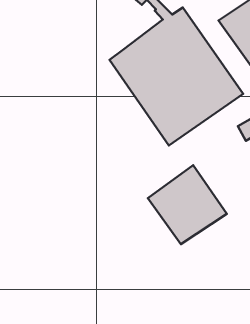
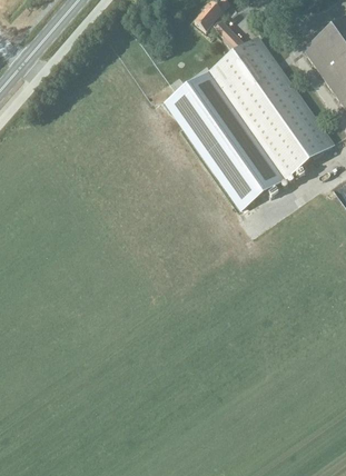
building: [148,165,227,244] -> none

